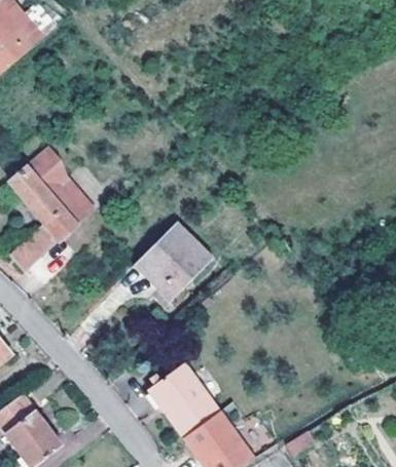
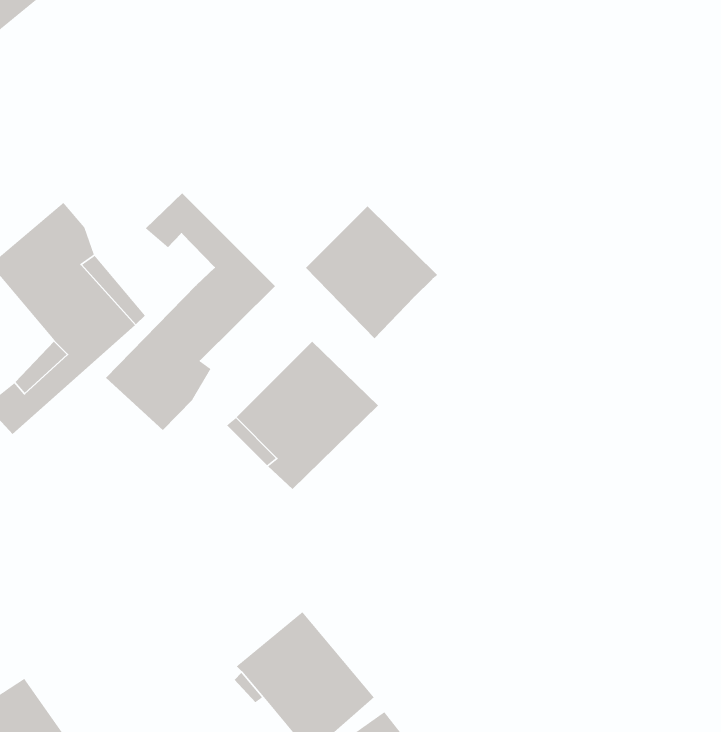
building: none -> [105,192,276,431]
building: none -> [305,205,438,339]

